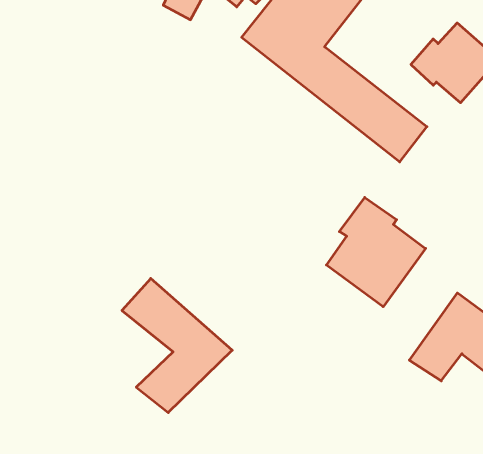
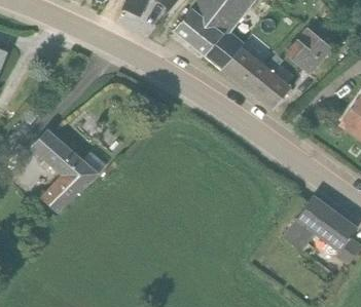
building: [326,197,426,307] -> none
building: [122,278,232,413] -> [29,127,100,214]

